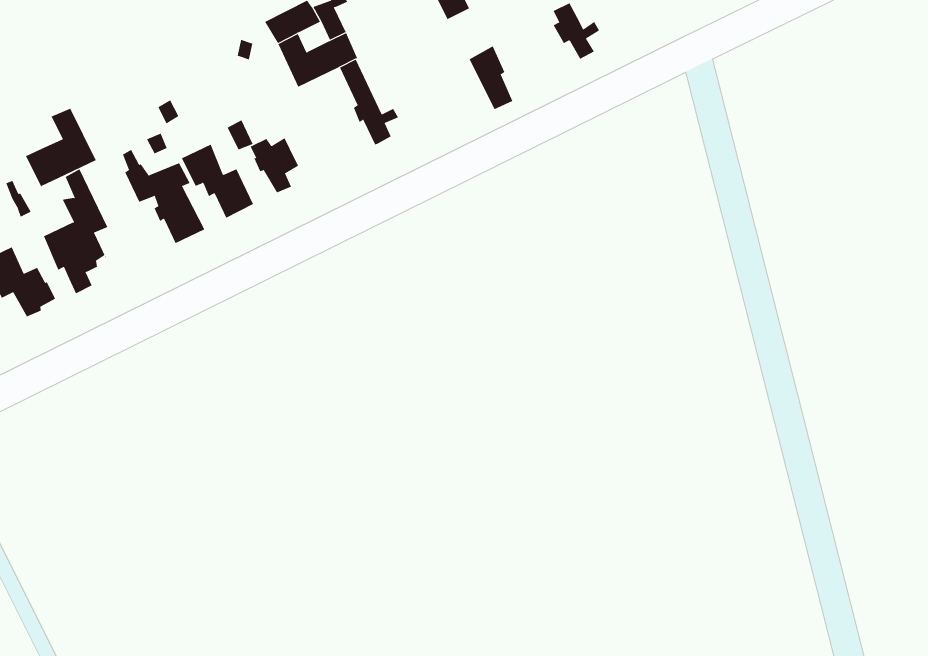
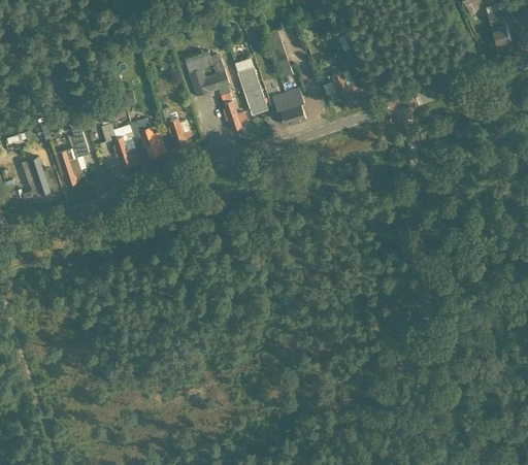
building: none -> [237,67,267,115]
building: none -> [271,94,295,126]
building: [25,108,97,188] -> none

